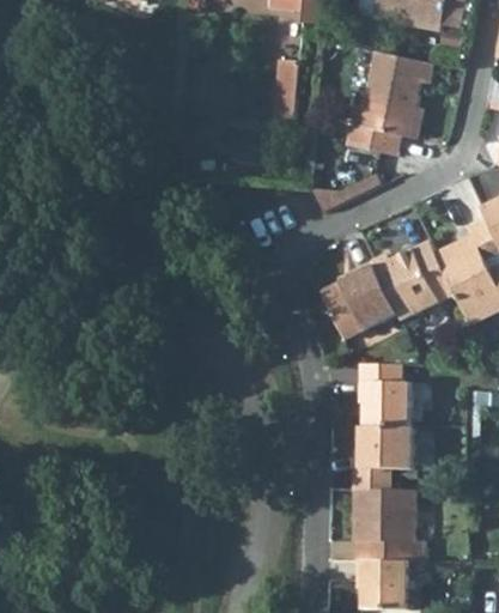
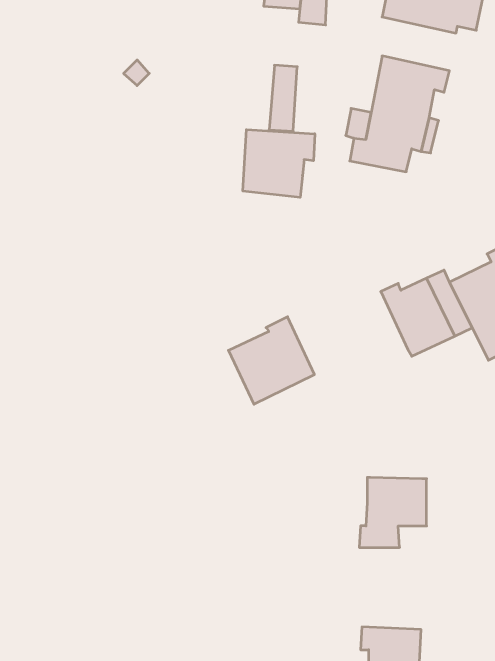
building: none -> [243,130,315,197]
building: [321,261,397,339] -> [228,317,314,404]
building: [359,363,412,427] -> none
building: [353,488,422,562] -> none

